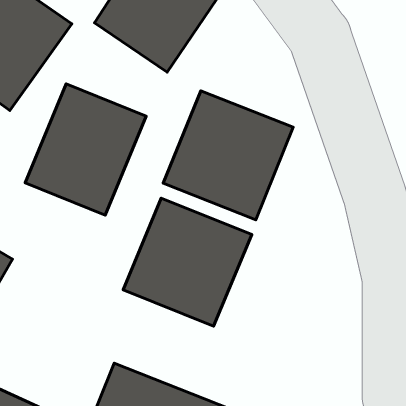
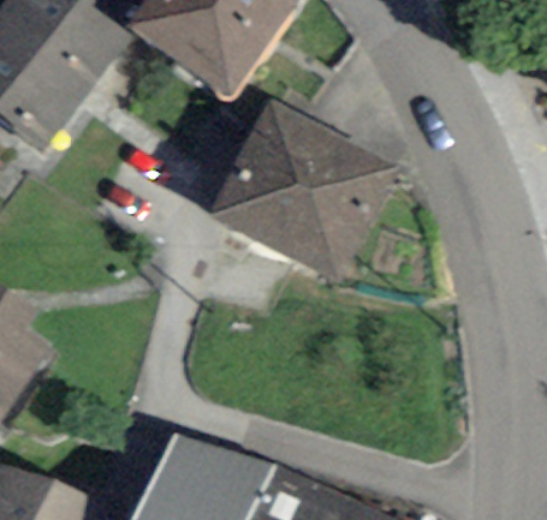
building: [25,84,146,215] -> none
building: [123,198,252,326] -> none

